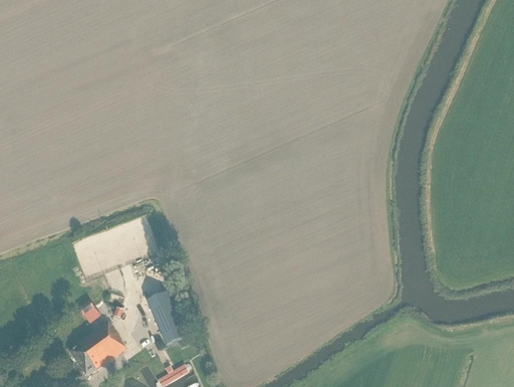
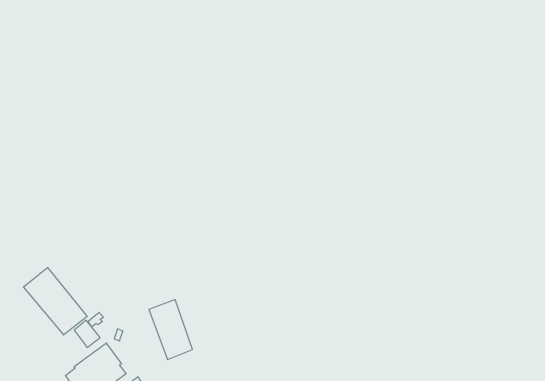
building: none -> [23,268,87,335]

